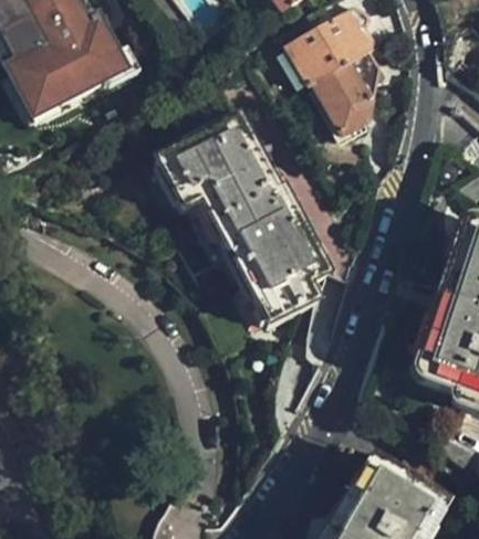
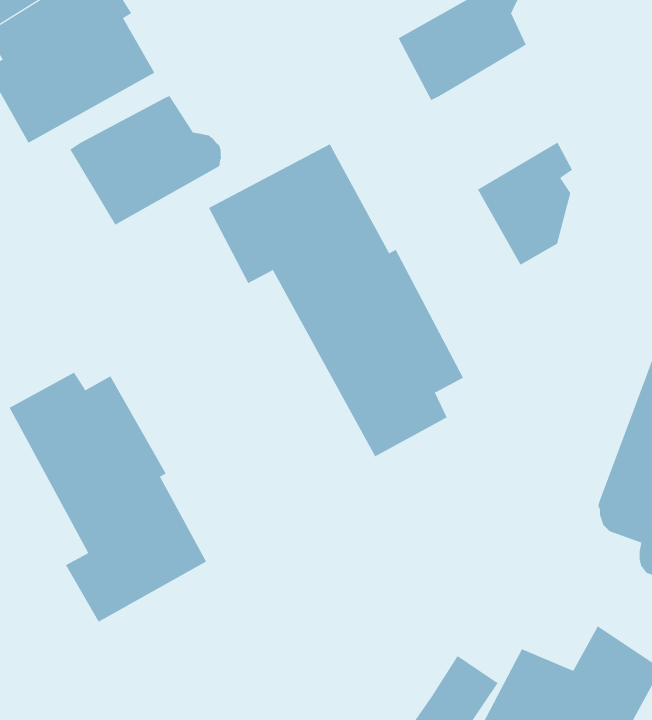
building: [311,55,375,138] -> [477,142,573,265]
building: none -> [70,95,221,226]
building: none -> [9,372,207,623]

